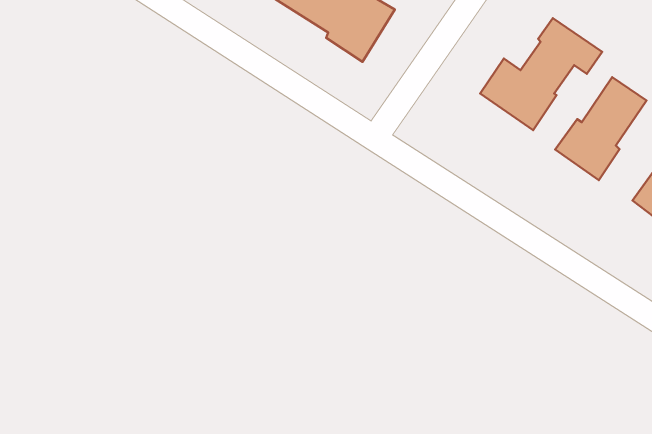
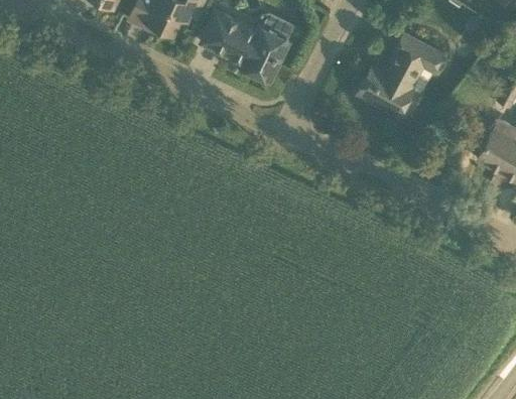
building: [555,77,646,180] -> none

